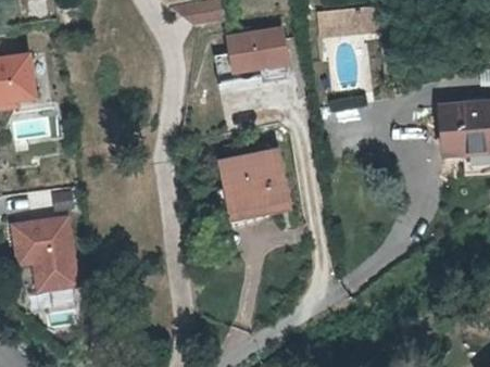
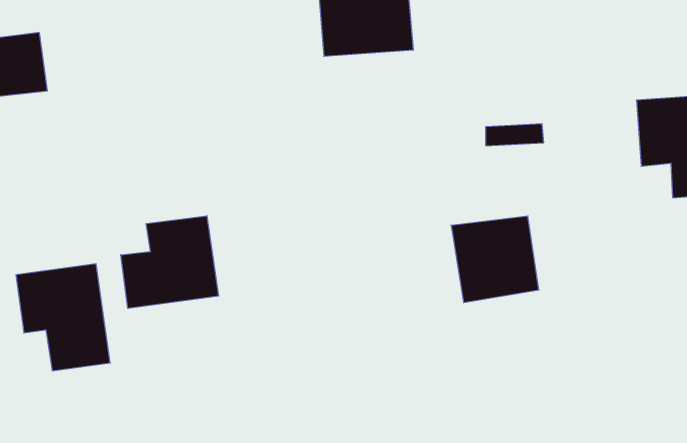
building: [224,156,285,216] -> [451,216,539,303]
building: none -> [121,216,219,308]

